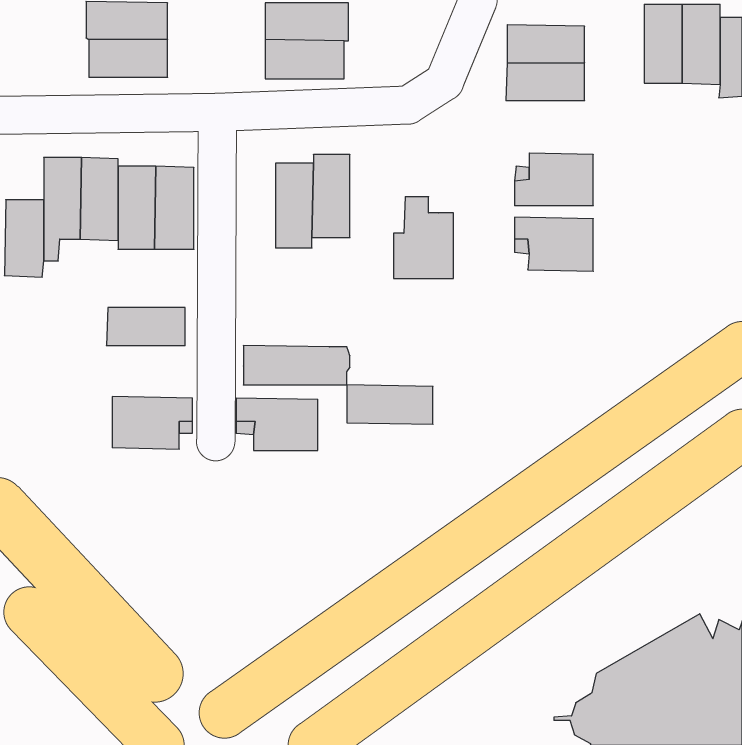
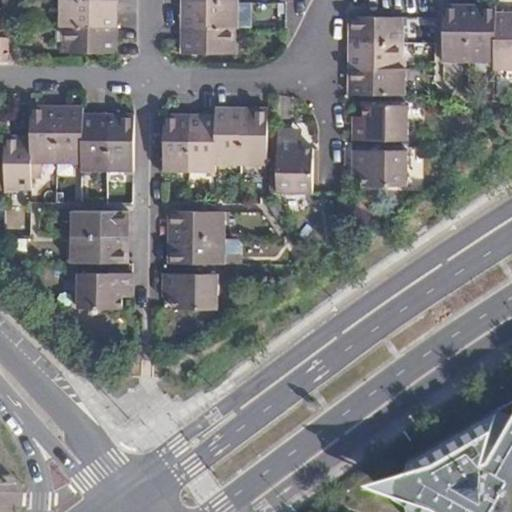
building: none -> [347,69,404,96]
building: none -> [240,106,267,164]
building: none -> [163,112,189,170]
building: none -> [73,237,127,264]
building: [347,385,433,424] -> [167,211,226,238]

